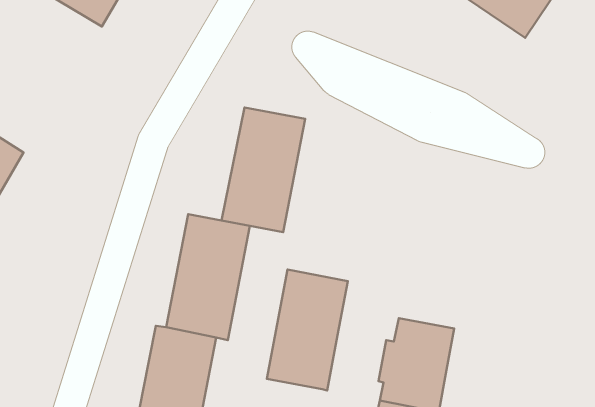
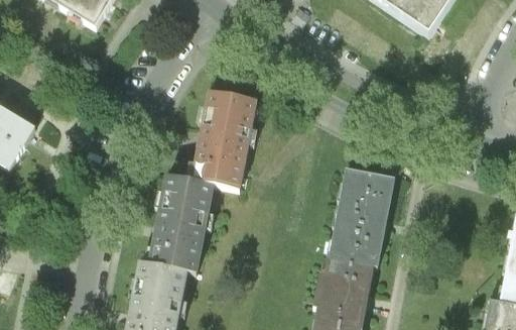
building: [267,269,348,390] -> [331,168,394,262]

